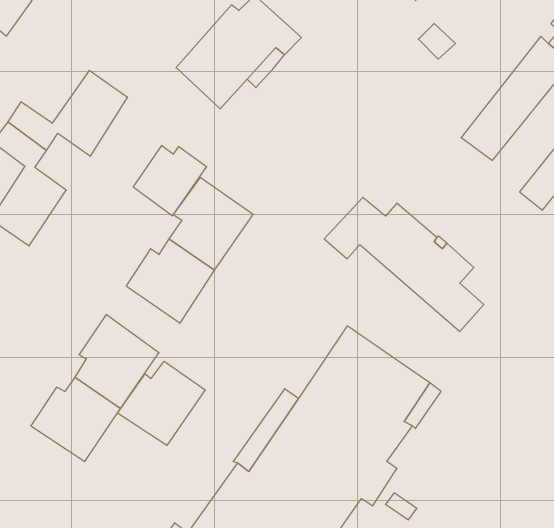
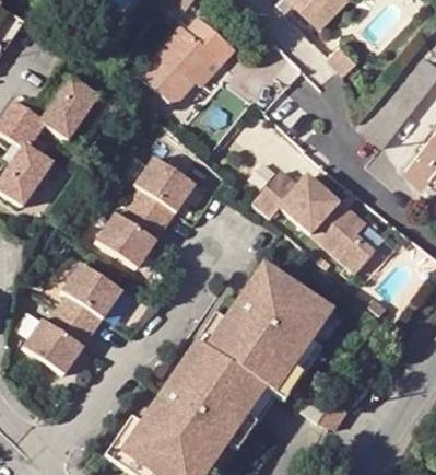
building: [133,145,206,216] -> none
building: [117,361,205,445] -> none

